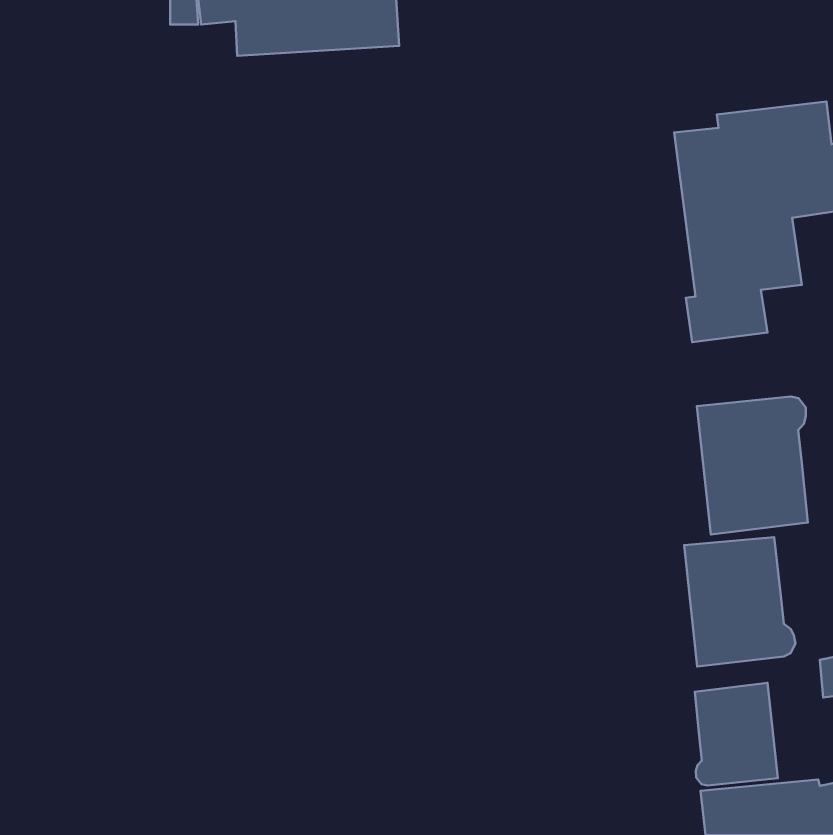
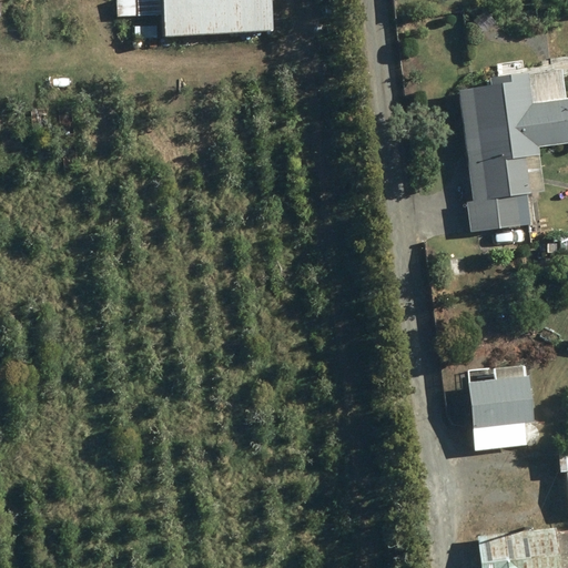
building: [697,396,808,535] -> none
building: [695,683,778,786] -> none

